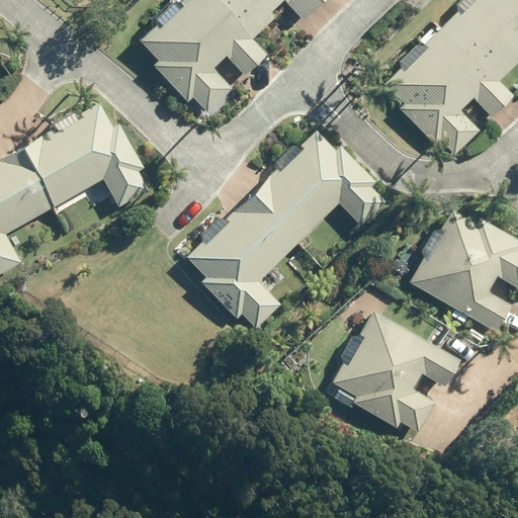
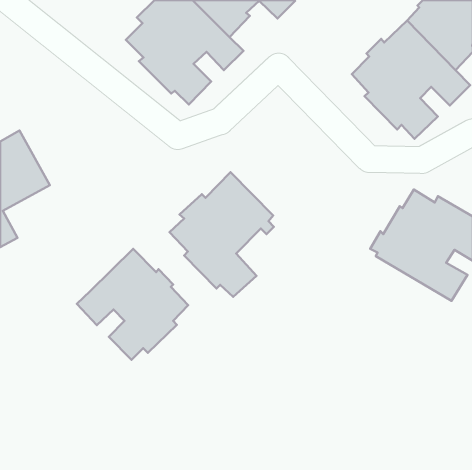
building: [22,104,148,206] -> none
building: [253,131,385,239] -> none
building: none -> [77,249,188,360]
building: [333,312,460,433] -> none

